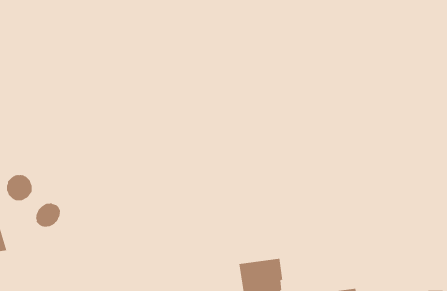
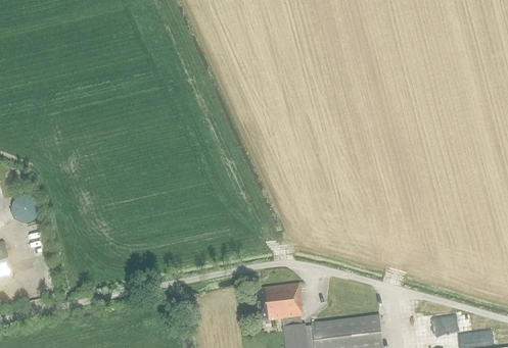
building: [36,203,61,227] -> none

